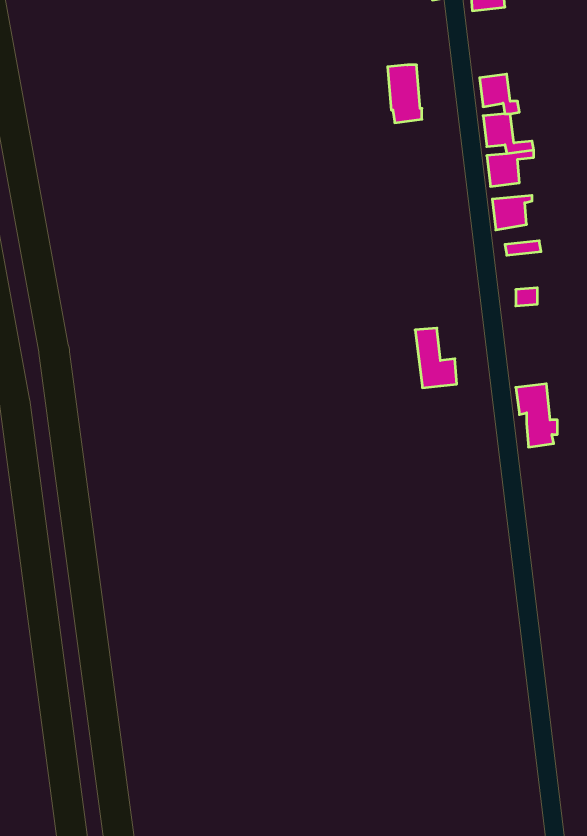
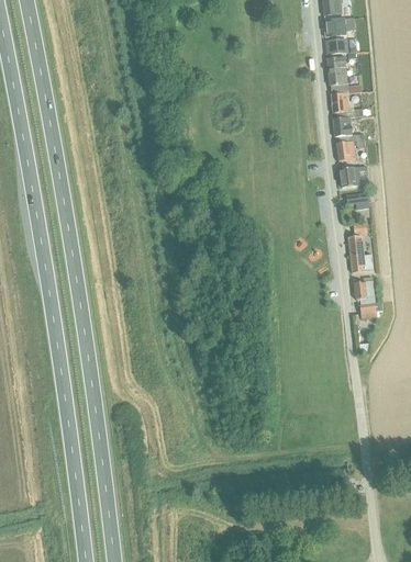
building: [388,65,422,123] -> [326,57,347,92]
building: [415,328,457,388] -> [347,235,373,271]

